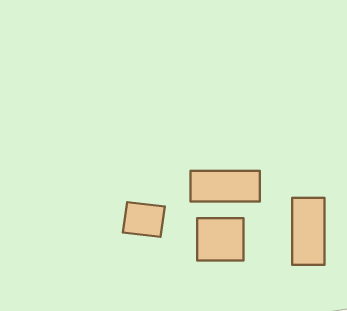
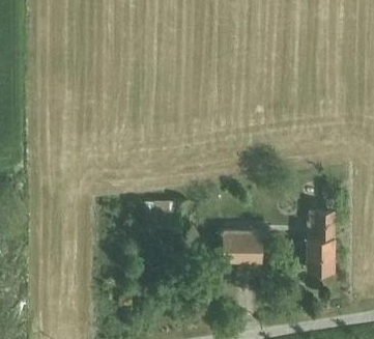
building: [190,171,260,202] -> none

